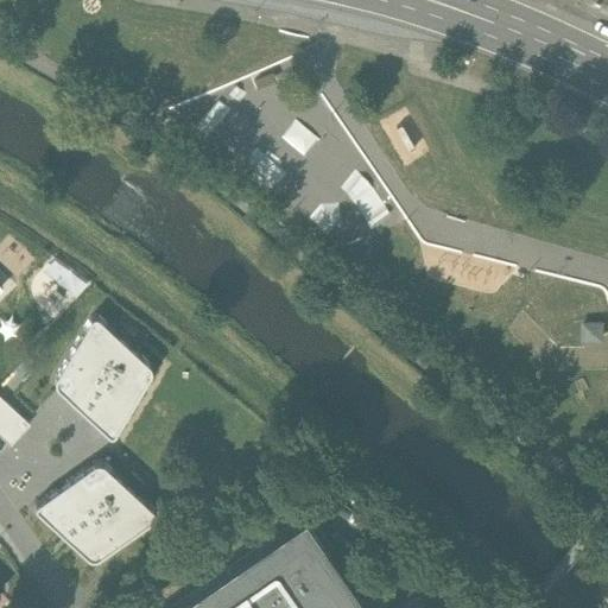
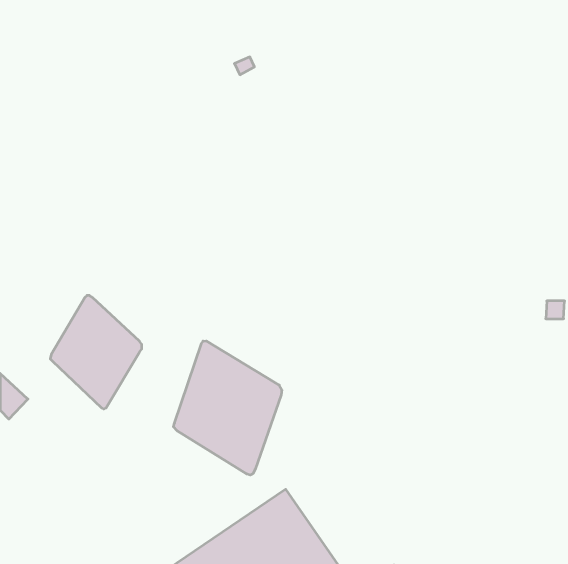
building: none -> [173,341,282,475]
building: [37,468,158,565] -> none

